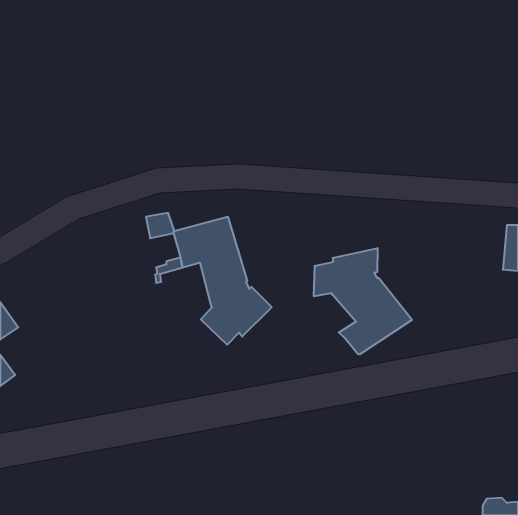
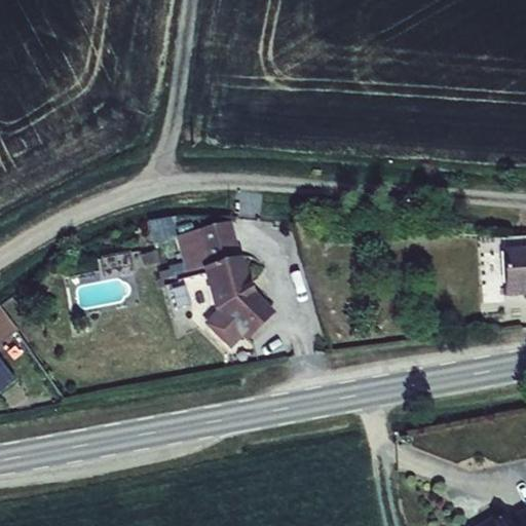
building: [314,248,412,354] -> none

